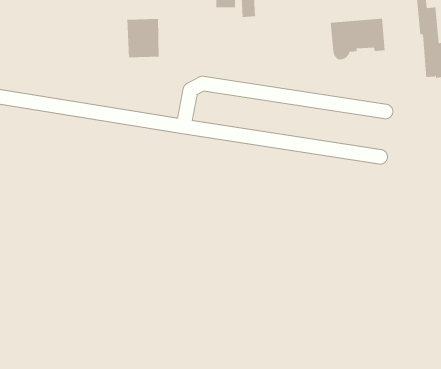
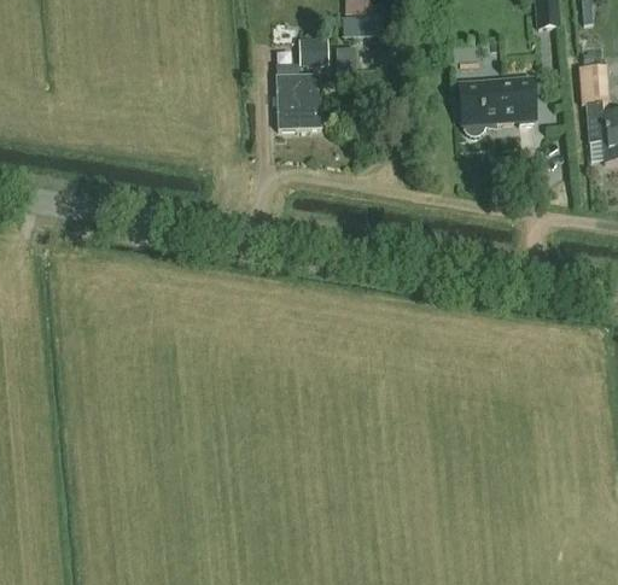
building: [127,19,160,58] -> [276,74,322,128]

